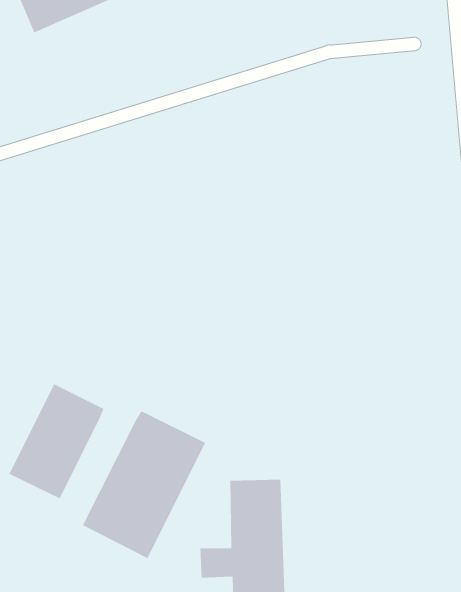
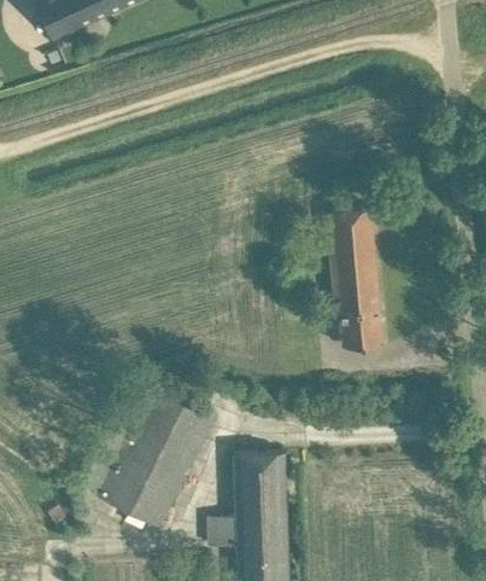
building: none -> [330,208,382,347]
building: [8,383,104,500] -> none

